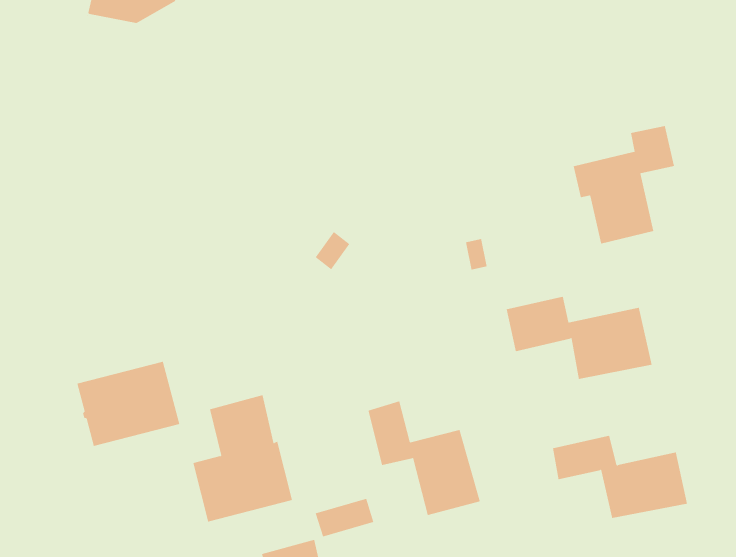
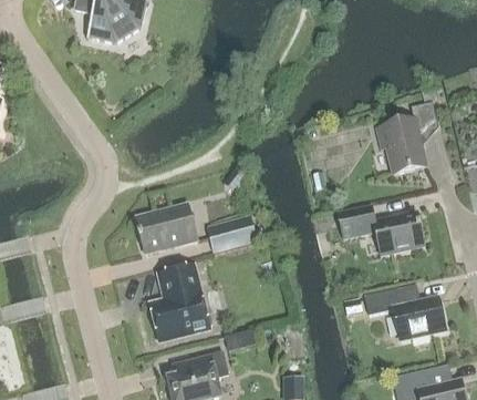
building: none -> [207,213,257,250]
building: [76,361,180,446] -> [135,202,197,253]
building: [368,401,481,516] -> none

